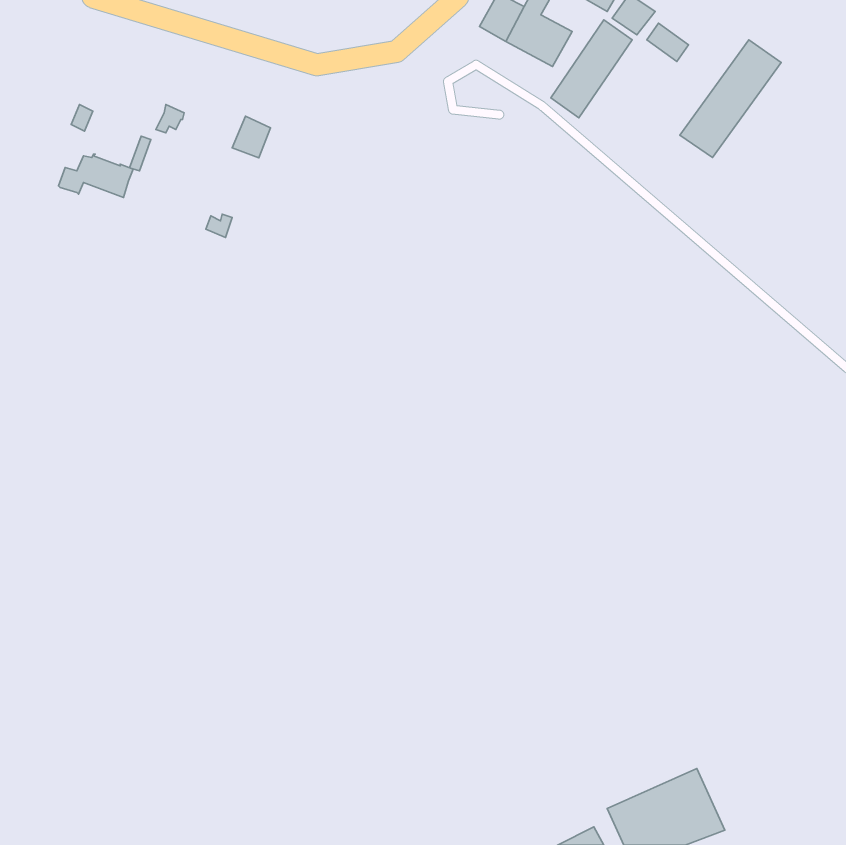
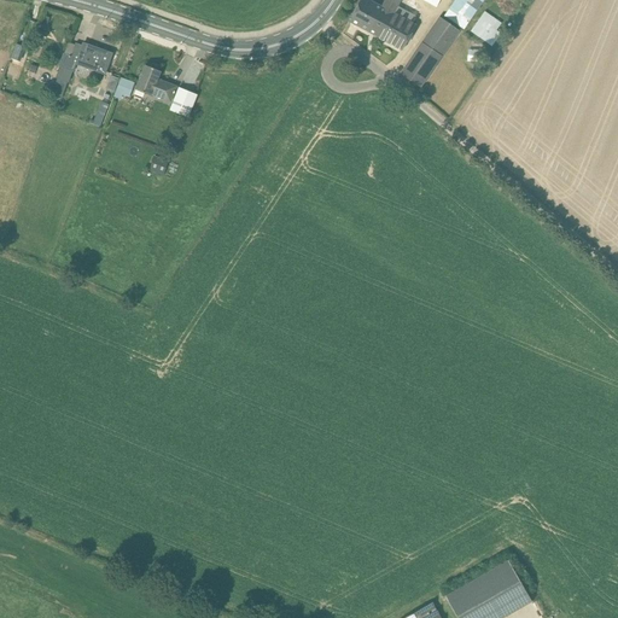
building: [680,40,781,158] -> none
building: none -> [136,63,177,99]
building: [59,154,133,197] -> [59,41,113,72]

